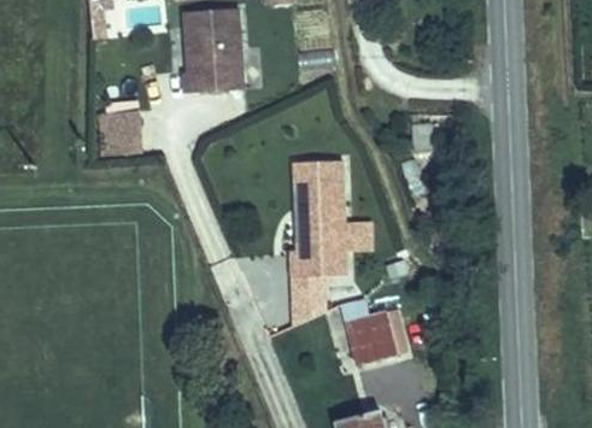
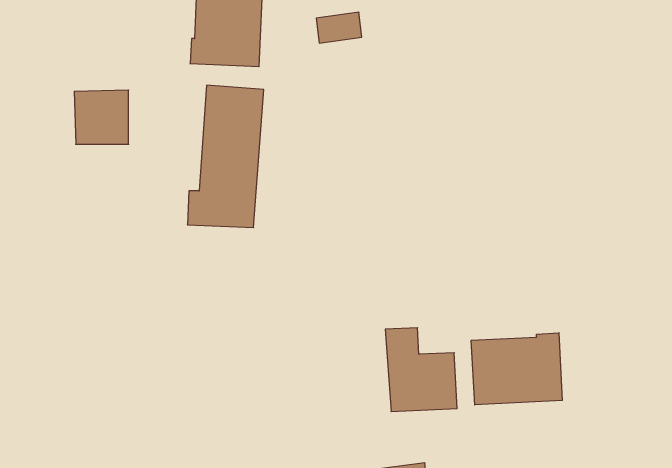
building: [283,159,346,276] -> [187,85,264,228]
building: none -> [471,333,562,405]

